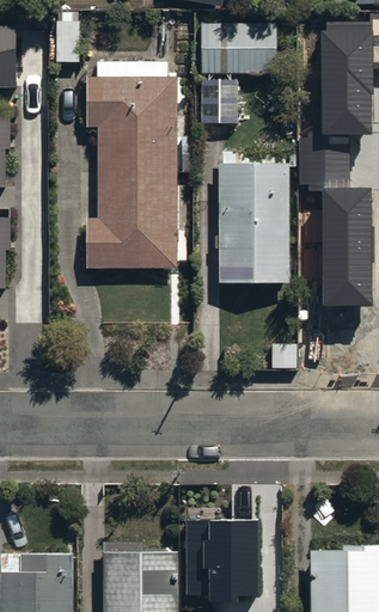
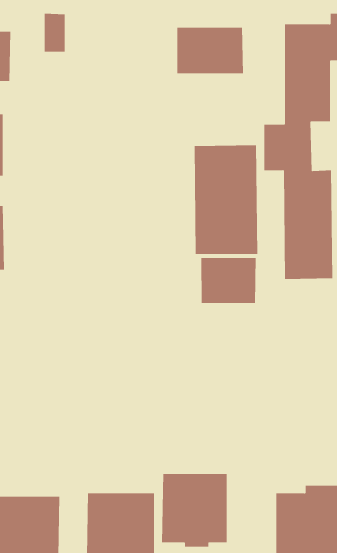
building: [85,59,177,264] -> none
building: none -> [201,257,256,304]

